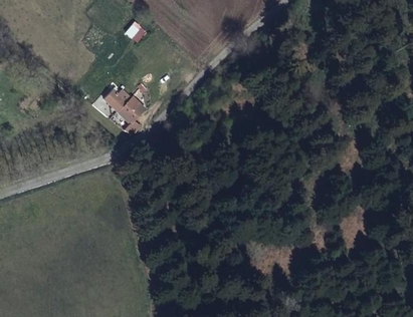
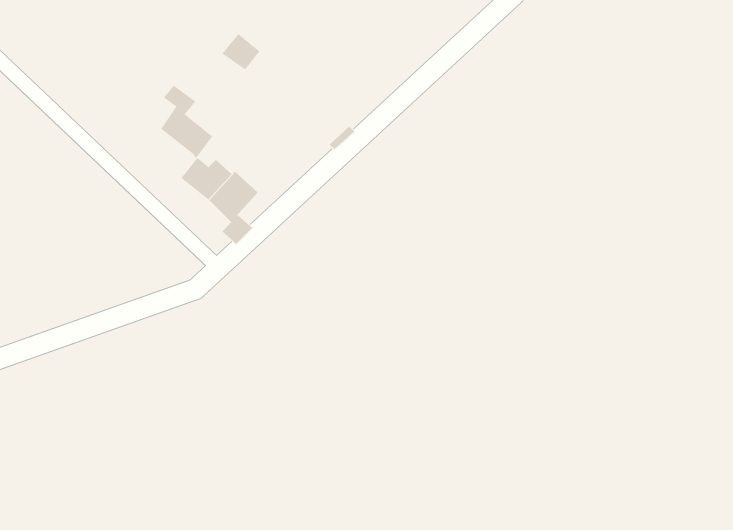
building: none -> [160,85,213,158]

